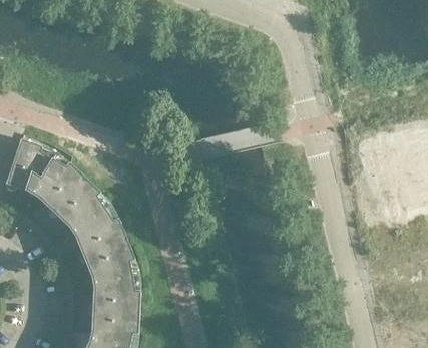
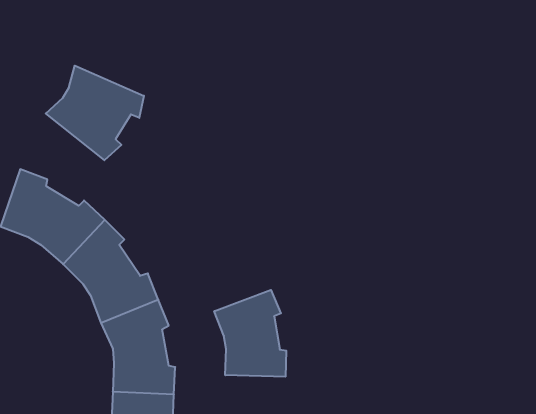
building: none -> [46,66,144,160]
building: none -> [214,290,286,377]

